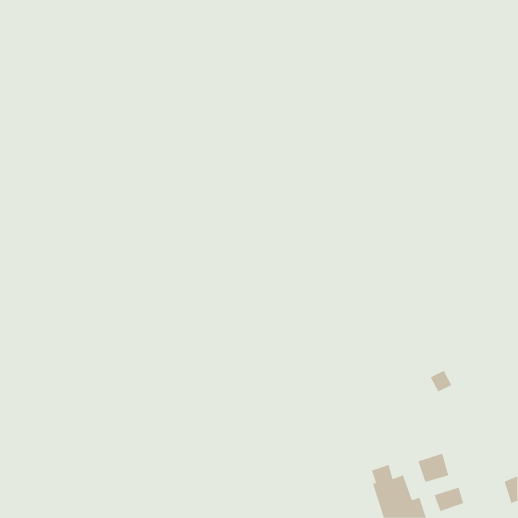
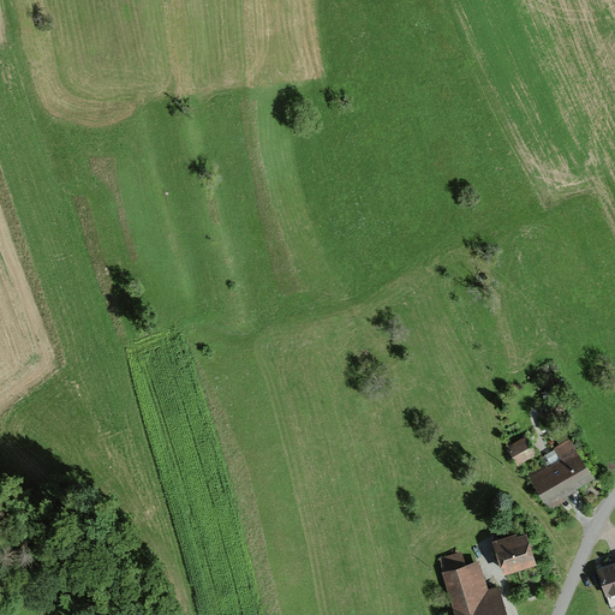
building: none -> [530,438,595,510]
building: [434,487,464,512] -> none

